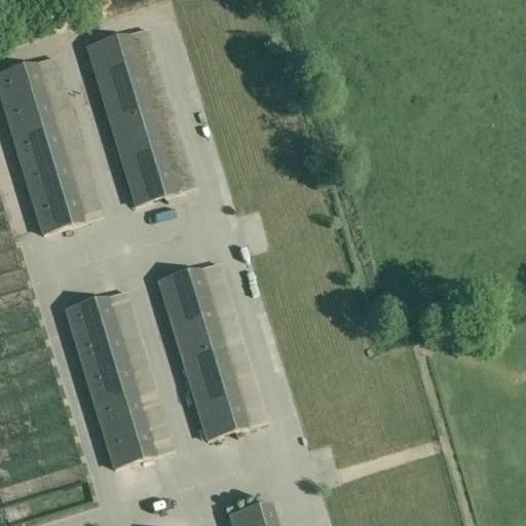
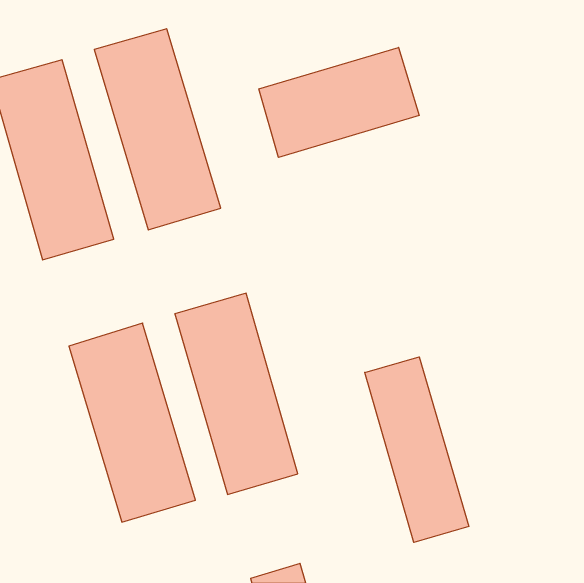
building: none -> [259,47,419,157]
building: none -> [365,357,469,542]

